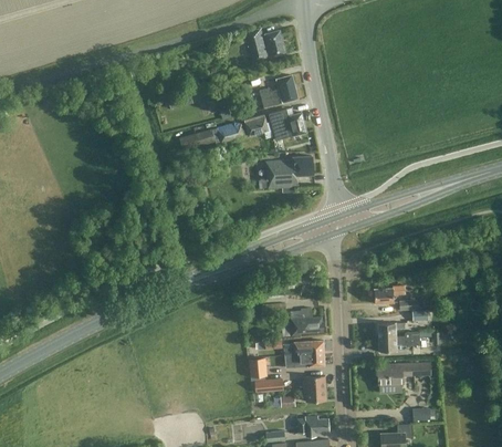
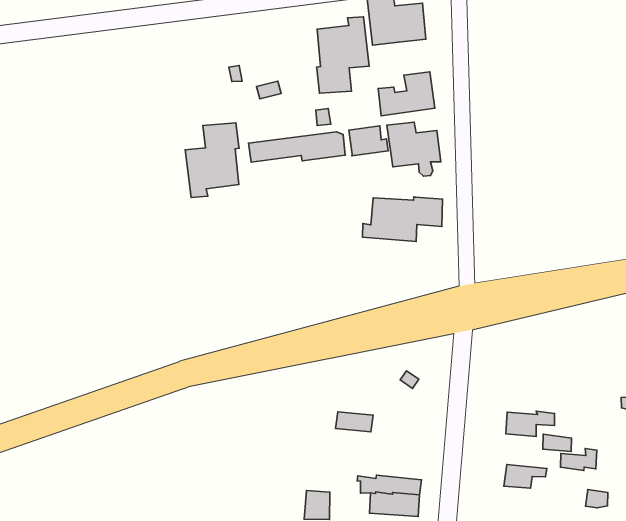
building: none -> [316,17,369,93]
building: none -> [185,123,239,198]
building: [289,308,323,335] -> none
building: [377,332,419,351] -> none

